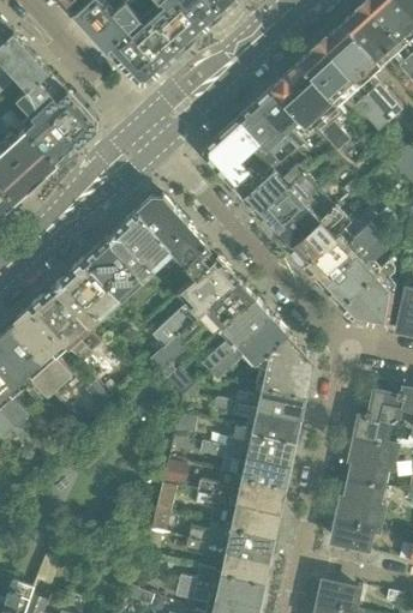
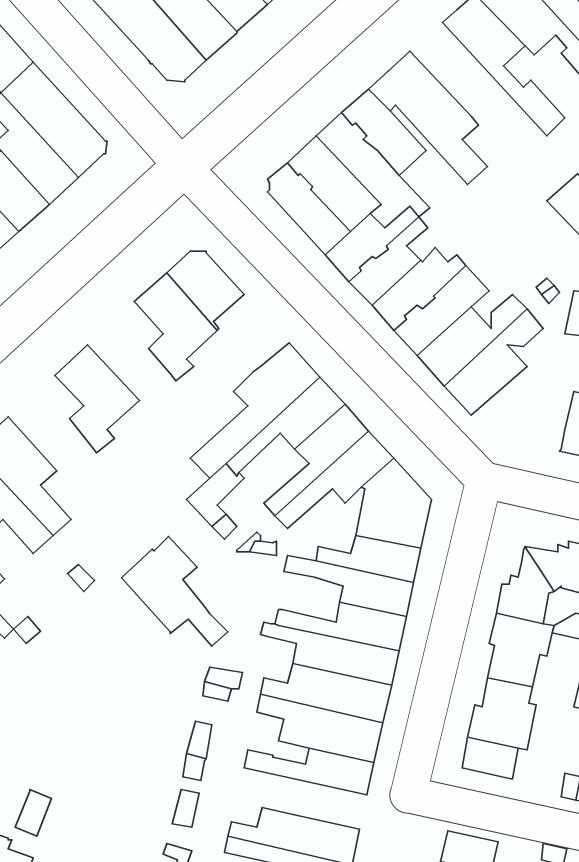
building: [298,43,389,128] -> none
building: [167,224,217,276] -> none
building: [83,230,138,295] -> none
building: [339,260,393,326] -> none
building: [30,278,101,351] -> [122,536,228,646]
building: [185,540,269,581] -> none

